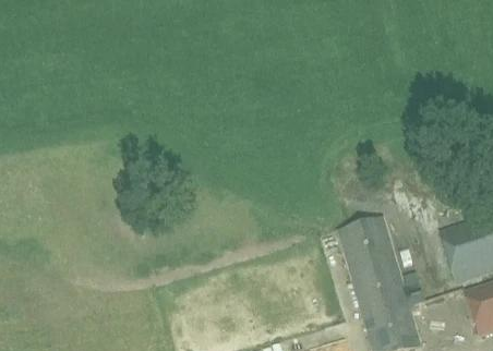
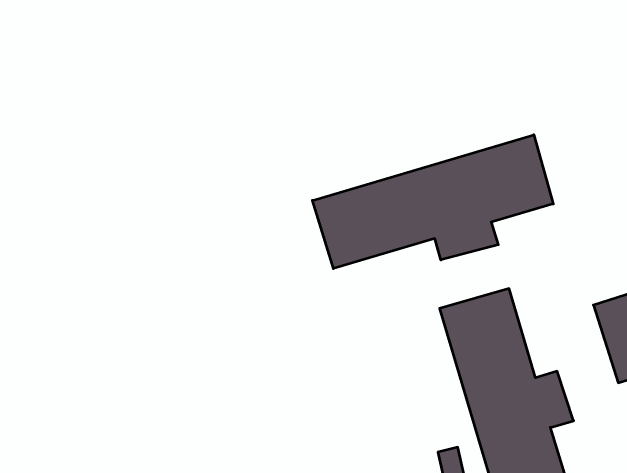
building: none -> [312,135,553,269]

